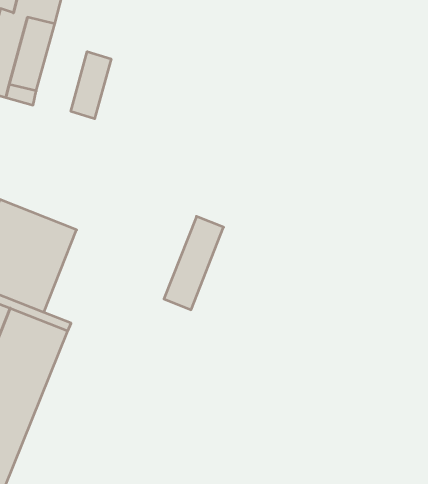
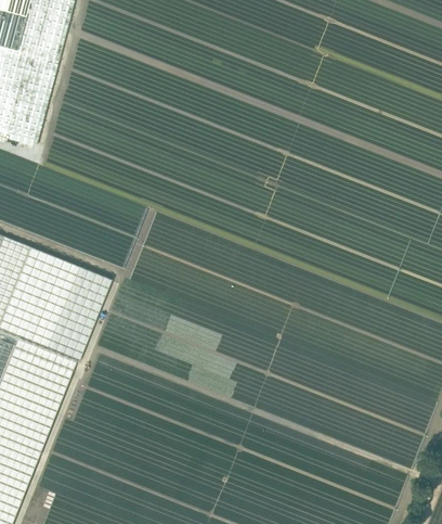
building: [71,52,111,119] -> none
building: [164,216,224,310] -> [48,268,107,361]

